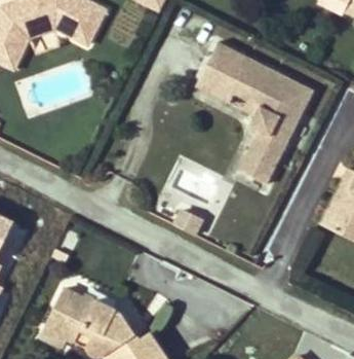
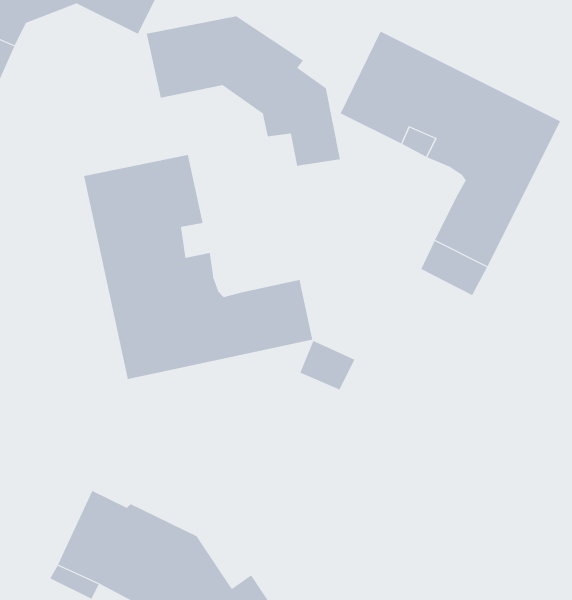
building: none -> [146,15,340,167]
building: none -> [84,154,313,380]

